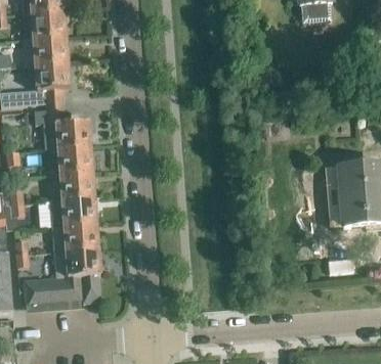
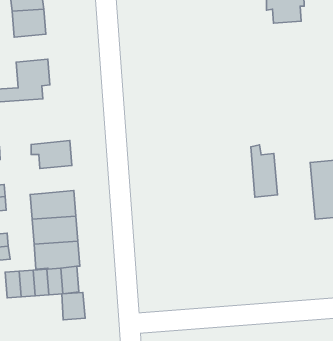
building: [33,37,68,65] -> none
building: [35,109,90,150] -> none
building: none -> [251,145,277,197]
building: [59,172,94,200] -> none
building: none -> [62,292,85,320]

